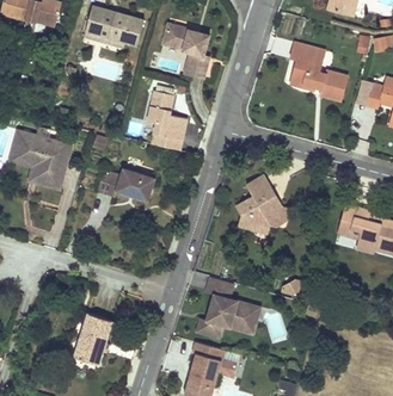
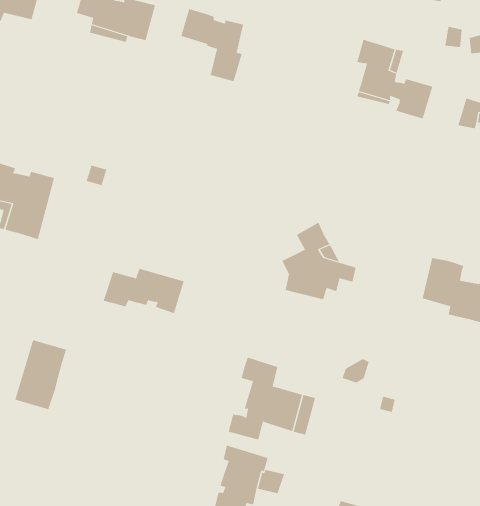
building: [146,89,185,150] -> none
building: [97,168,156,202] -> [103,268,184,314]
building: [74,313,112,364] -> [15,340,67,410]

